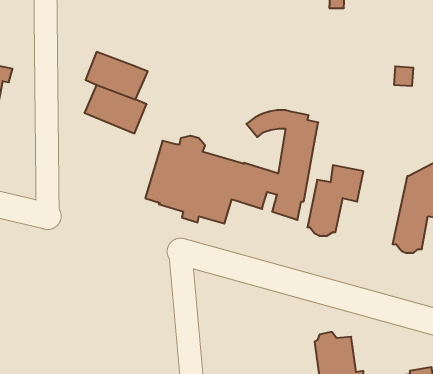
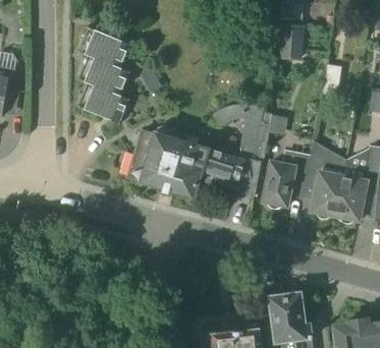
building: none -> [278,22,305,60]
building: none -> [77,25,129,66]
building: none -> [305,139,346,218]

